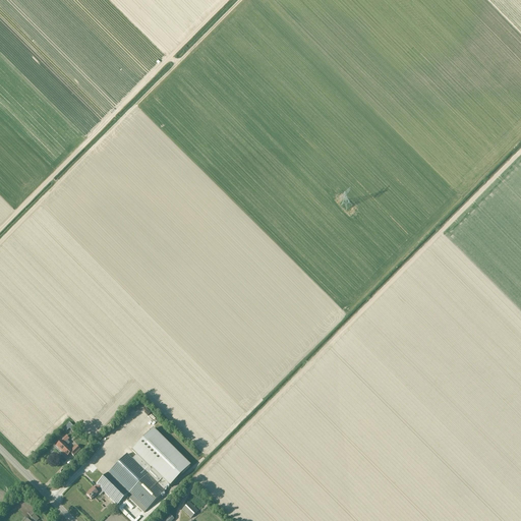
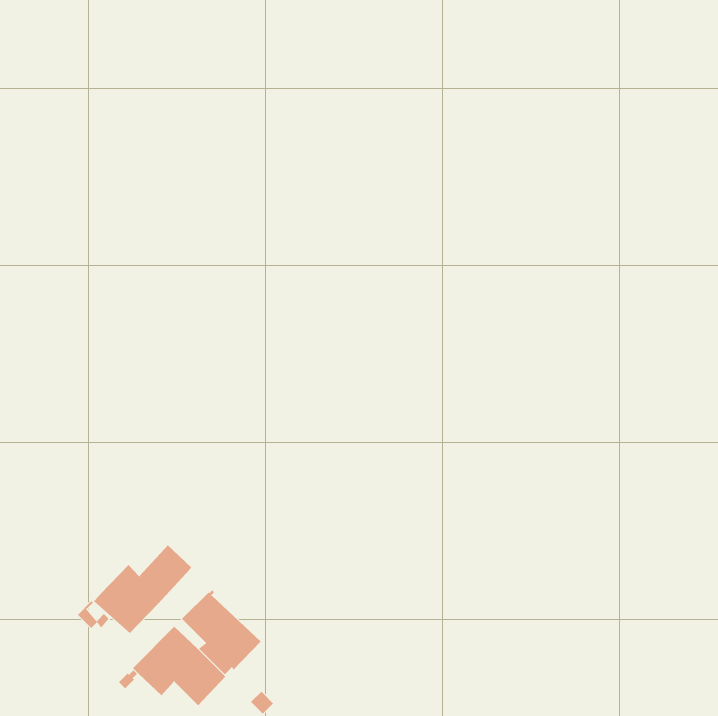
building: none -> [93,544,192,634]

